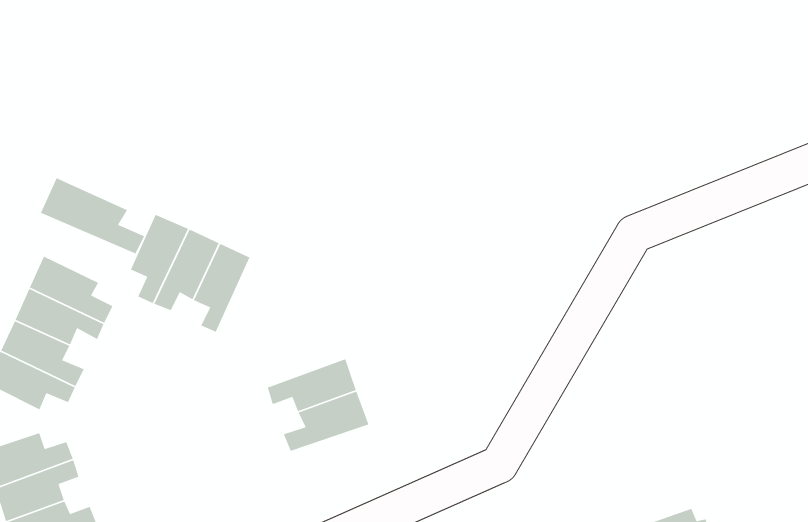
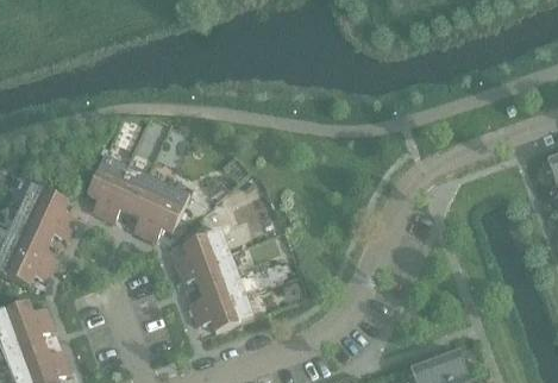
building: [40,177,145,255] -> none
building: none -> [144,184,189,240]
building: none -> [173,228,230,270]
building: none -> [193,295,253,331]

